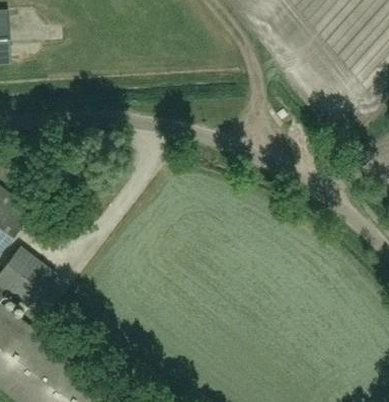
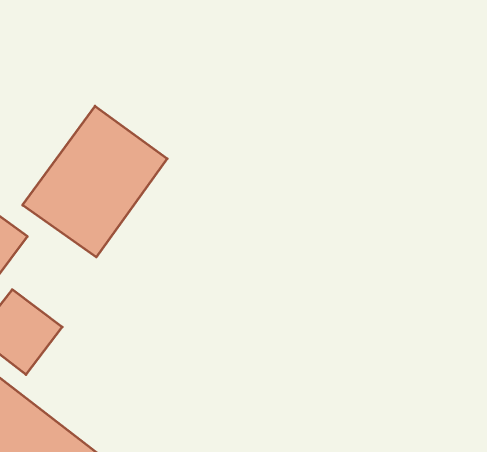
building: none -> [23,106,167,257]

